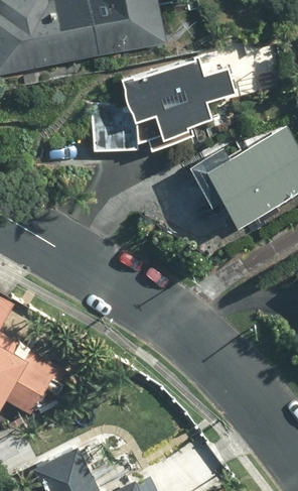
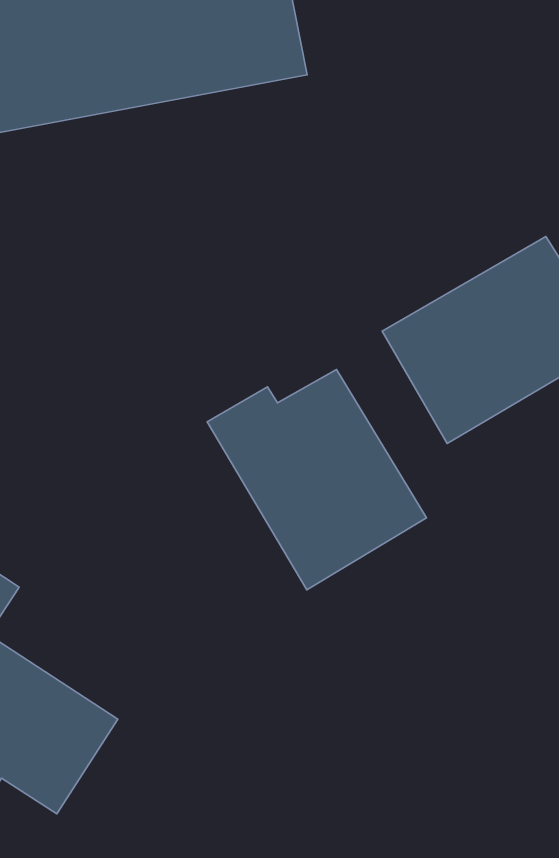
building: [95,59,240,153] -> none
building: none -> [207,370,426,590]

